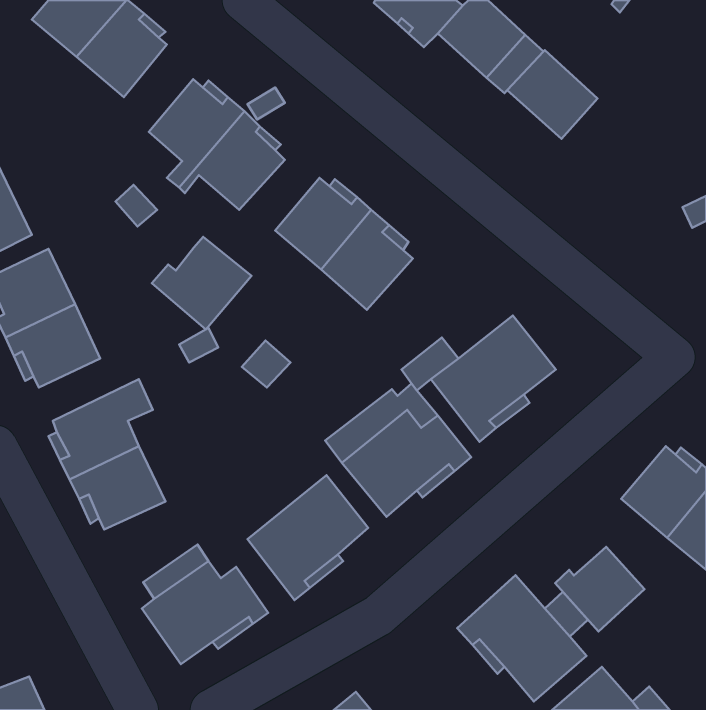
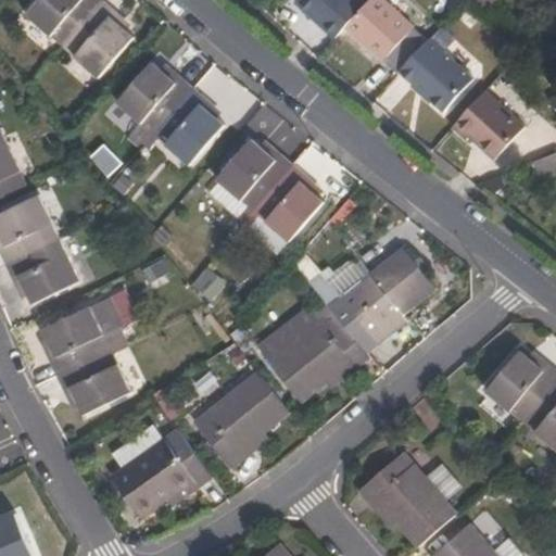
building: none -> [450,91,522,159]
building: [152,237,251,329] -> none
building: [555,547,645,631] -> none

